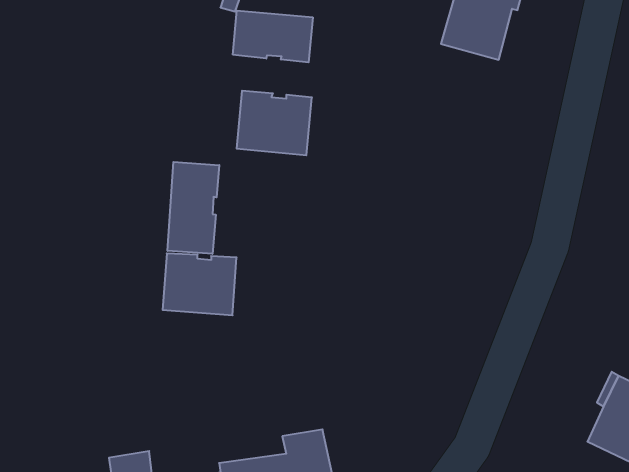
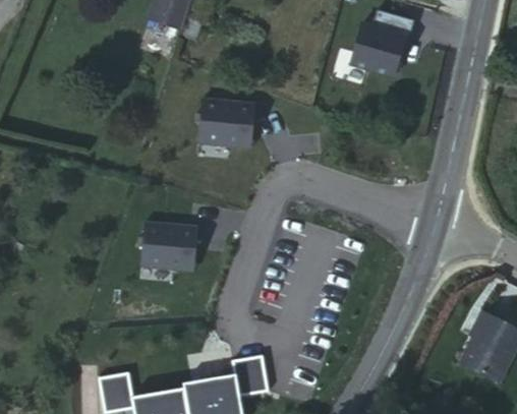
building: [233,11,313,62] -> none
building: [168,162,219,254] -> none

